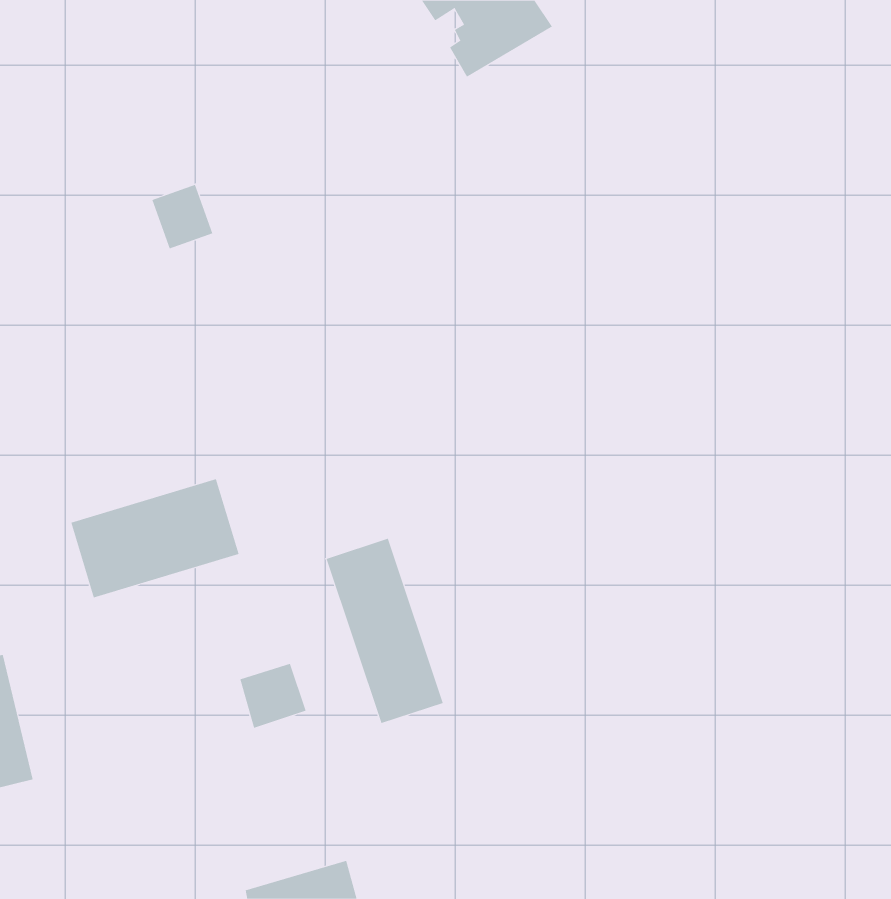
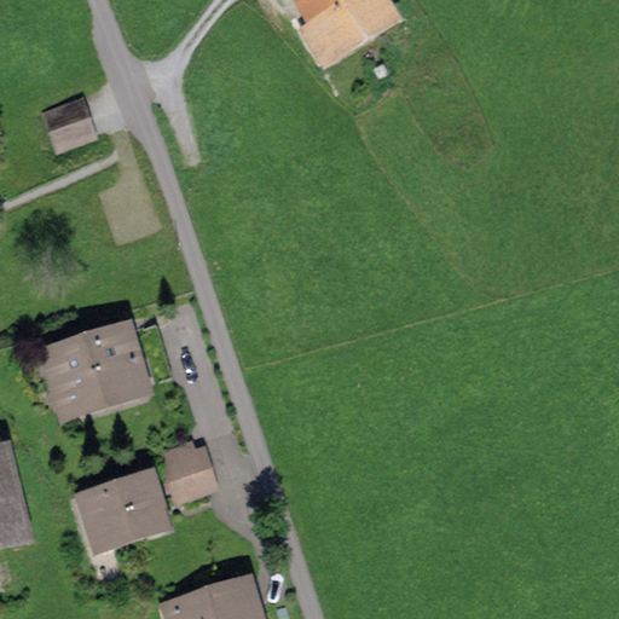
building: [151,184,213,249] -> [42,105,85,150]
building: [326,538,443,724] -> none
building: none -> [81,484,154,543]

